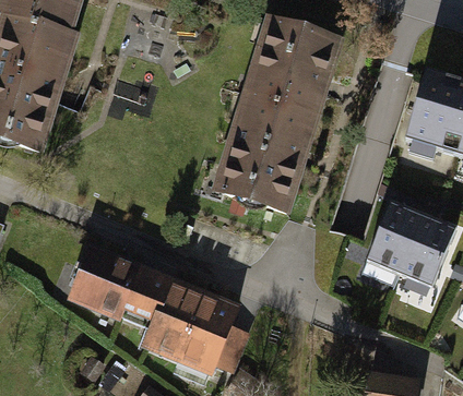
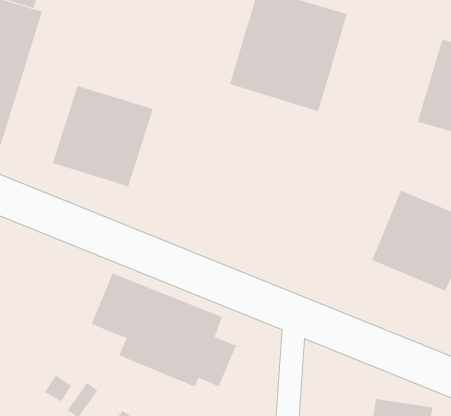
building: [214,105,317,213] -> none
building: none -> [52,85,154,187]
building: [73,249,138,313] -> none

